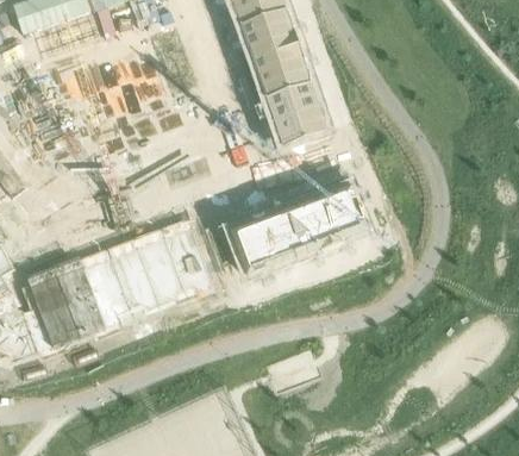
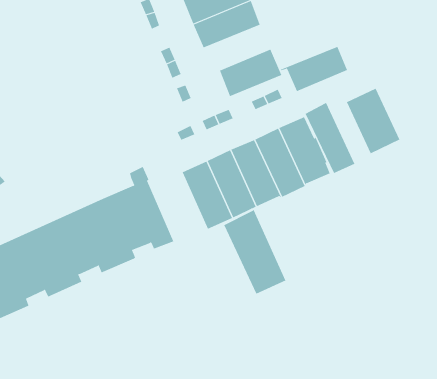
building: [254,79,319,120] -> [280,46,348,92]
building: none -> [346,88,400,154]
building: none -> [305,102,355,174]
building: none -> [224,209,286,294]

